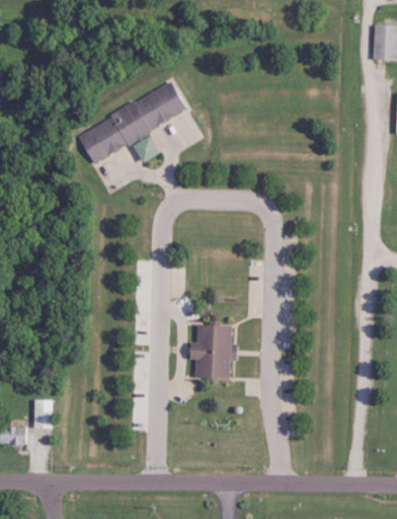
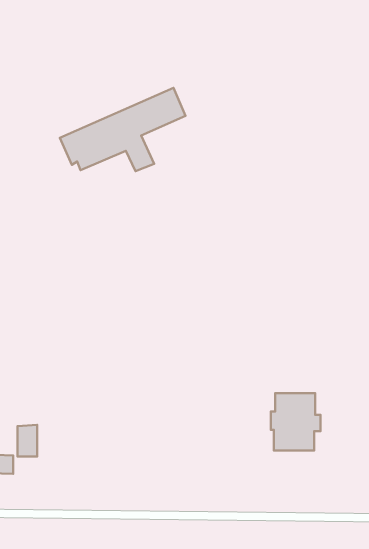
building: [195,324,242,378] -> [271,393,321,451]

